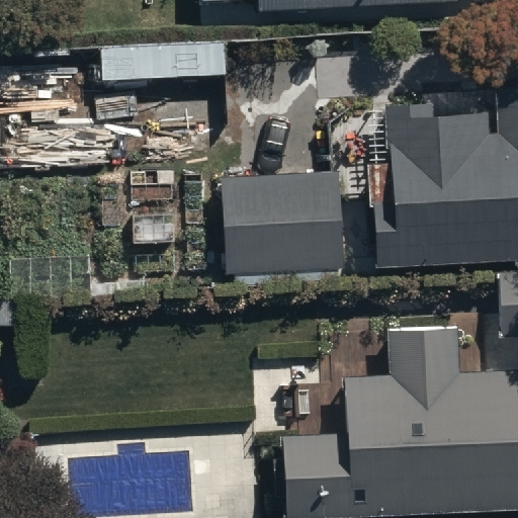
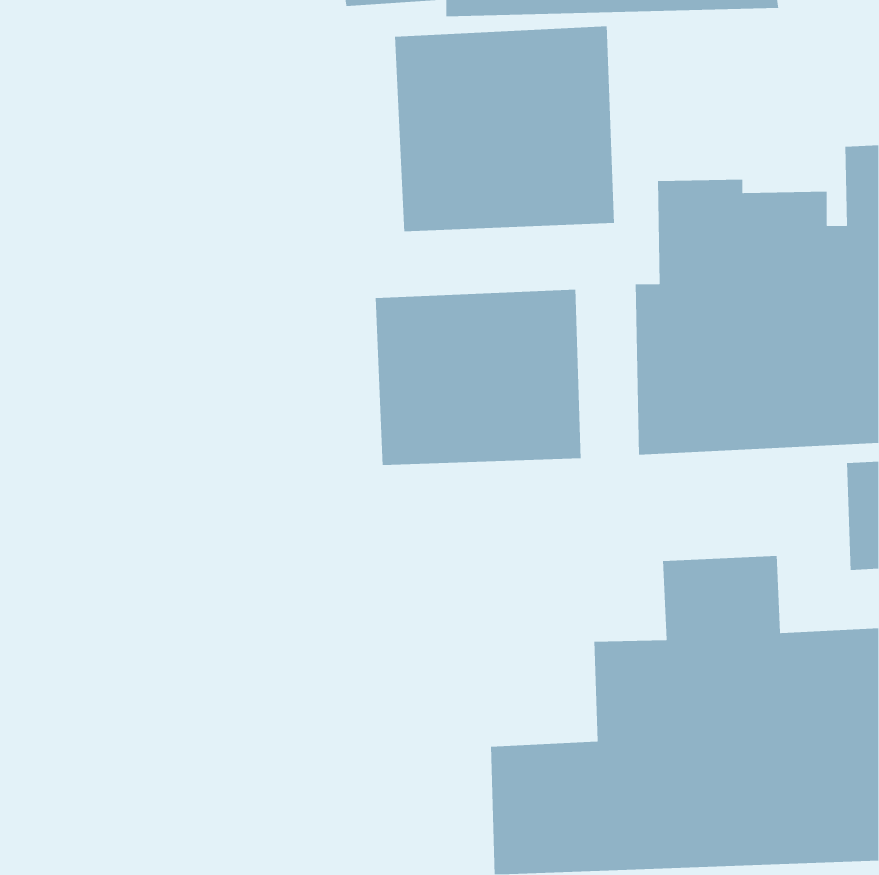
building: none -> [394,26,615,232]

